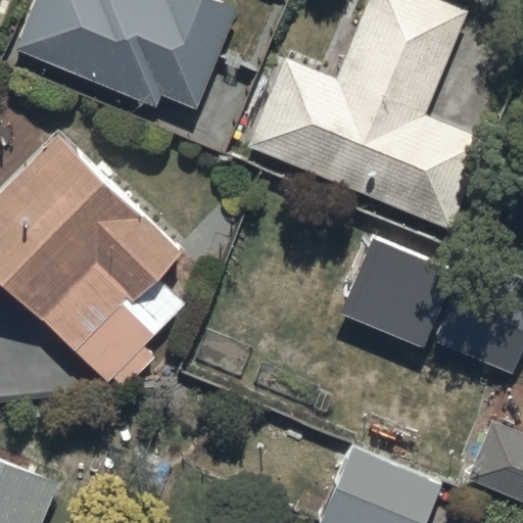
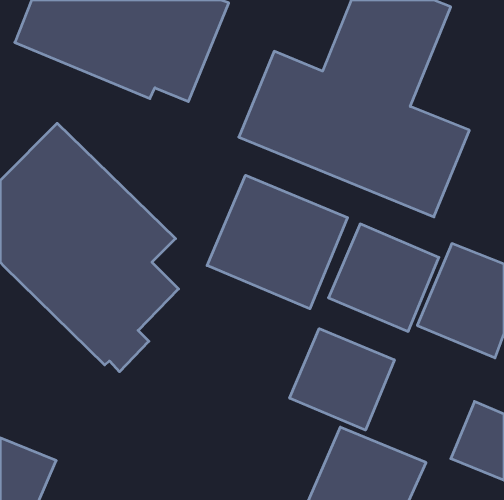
building: none -> [207,175,348,309]
building: none -> [290,329,394,430]

